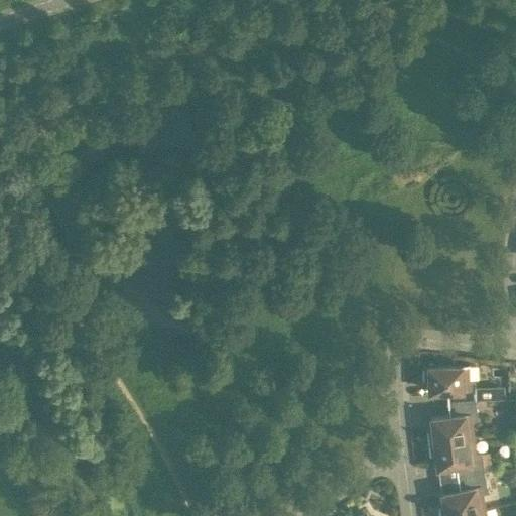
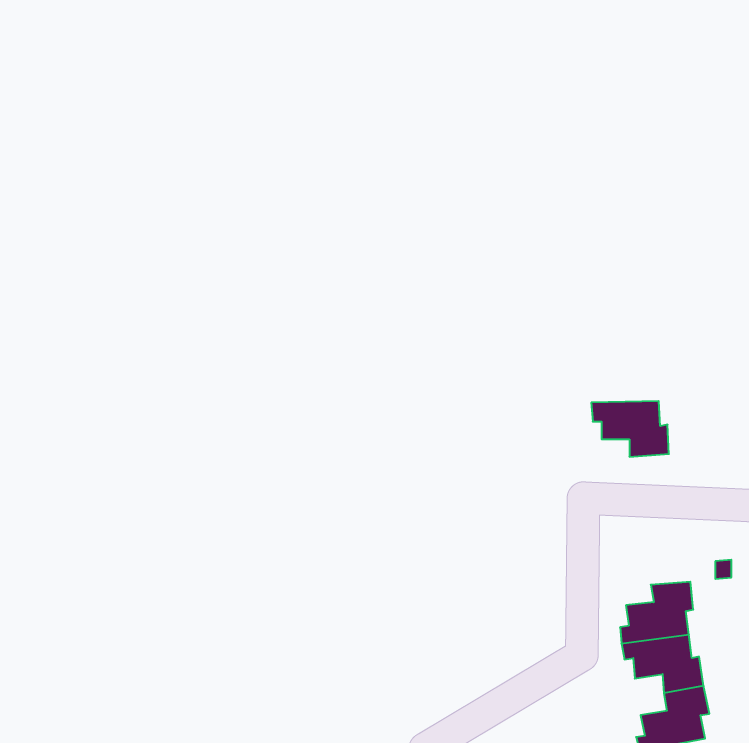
building: [421,368,475,406] -> [591,401,669,457]

